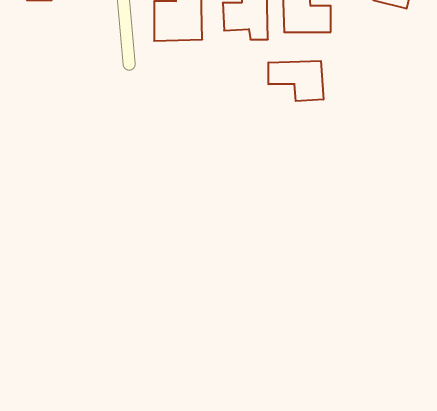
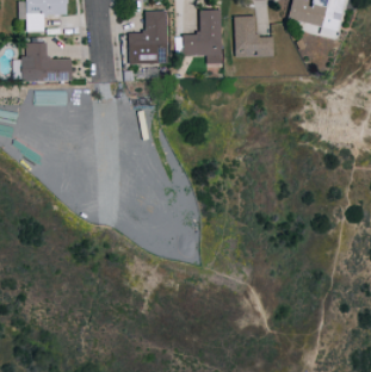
building: none -> [20,42,72,80]
building: [268,61,323,101] -> none

